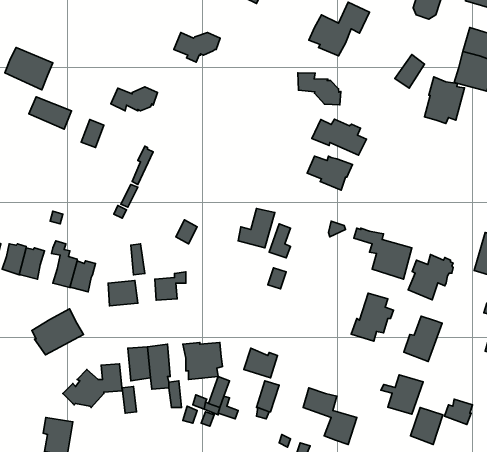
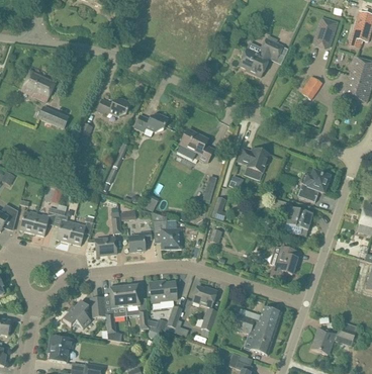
building: [174,33,220,62] -> [134,114,168,135]
building: [298,73,341,105] -> none
building: [425,77,465,123] -> none
building: [312,119,367,155] -> none
building: none -> [177,128,213,162]
building: none -> [151,211,181,249]
building: [408,255,453,300] -> [297,170,330,202]
building: [32,309,84,355] -> none
building: [404,316,442,361] -> none
building: [381,375,423,414] -> [251,306,281,335]

